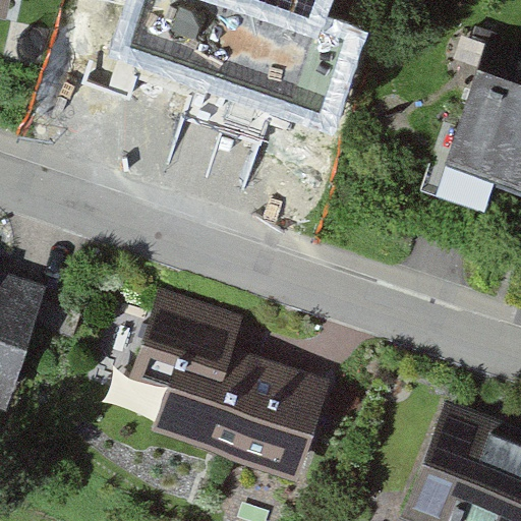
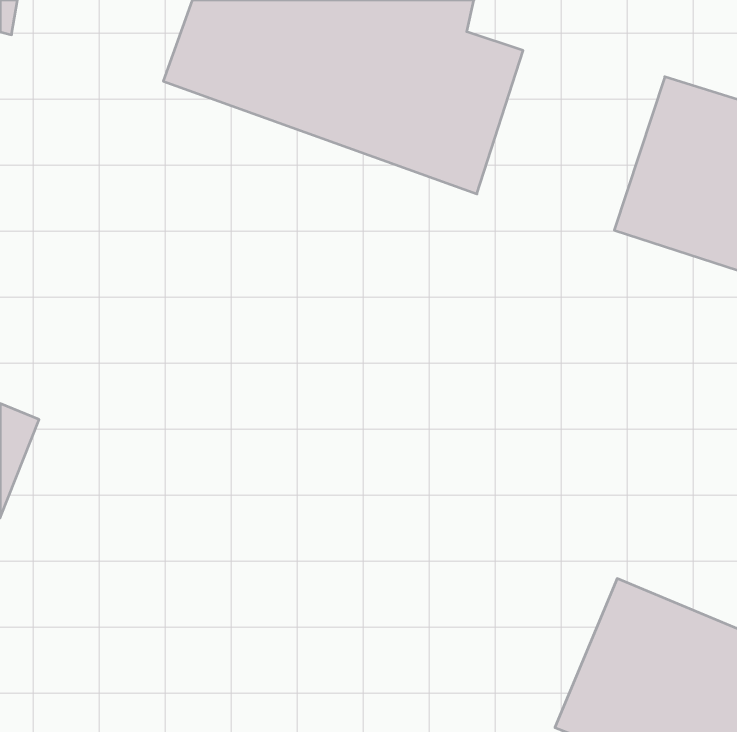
building: [139,294,333,474] -> none

